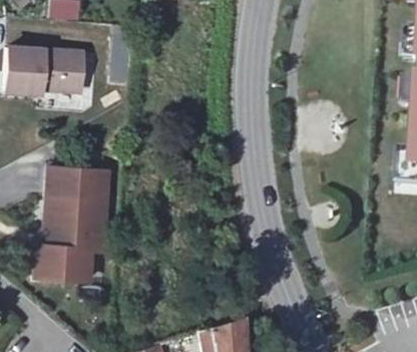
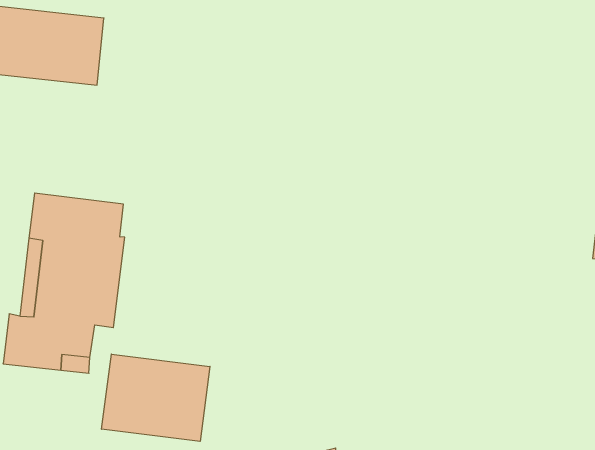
building: none -> [102,354,210,441]

